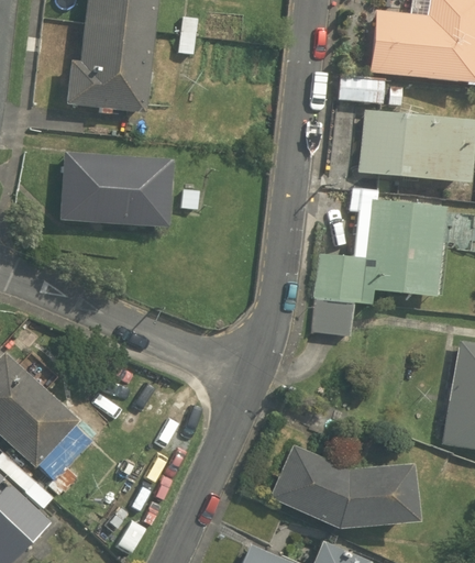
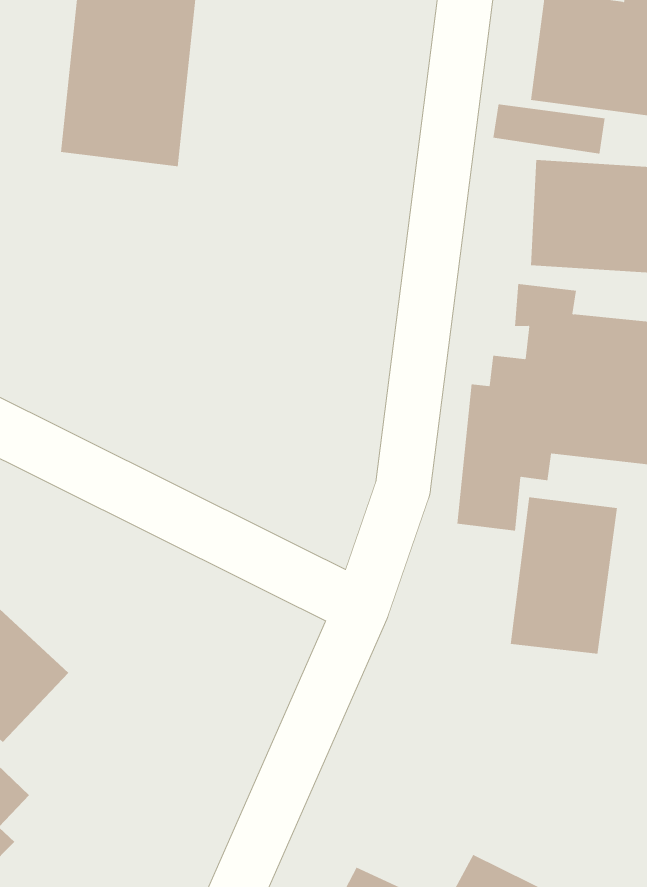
building: [66,152,173,225] -> none
building: none -> [510,496,617,655]
building: [275,446,408,529] -> none

